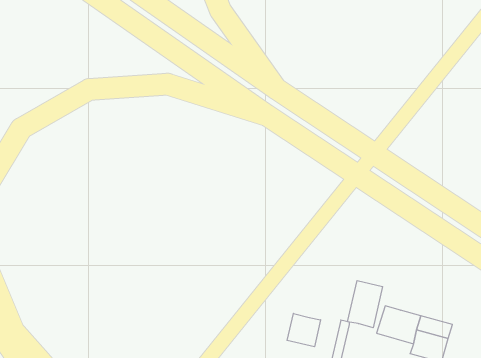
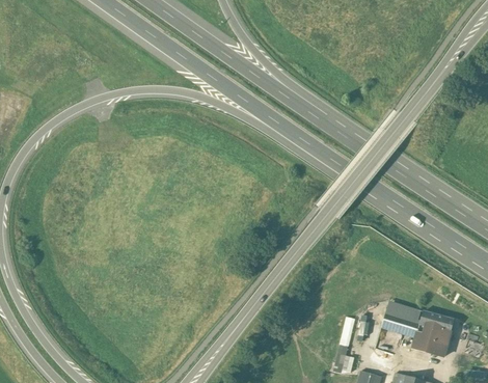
building: [348,281,383,328] -> none
building: [287,313,321,347] -> none

